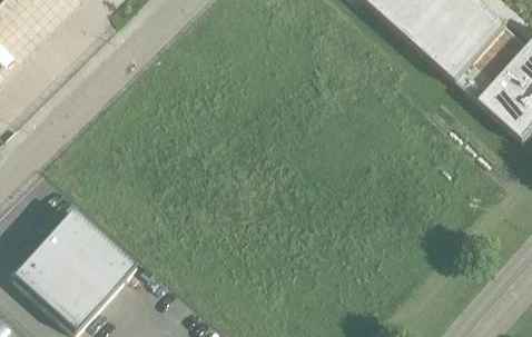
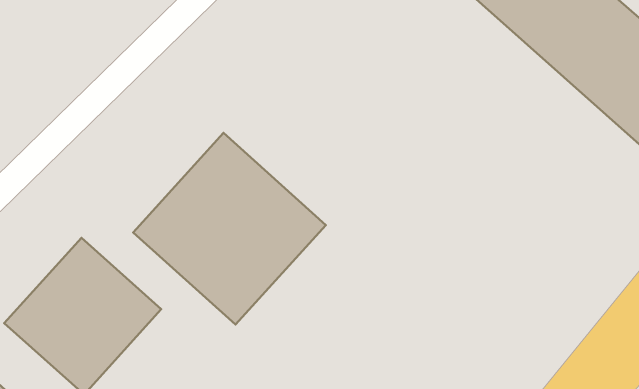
building: none -> [133,133,326,325]

